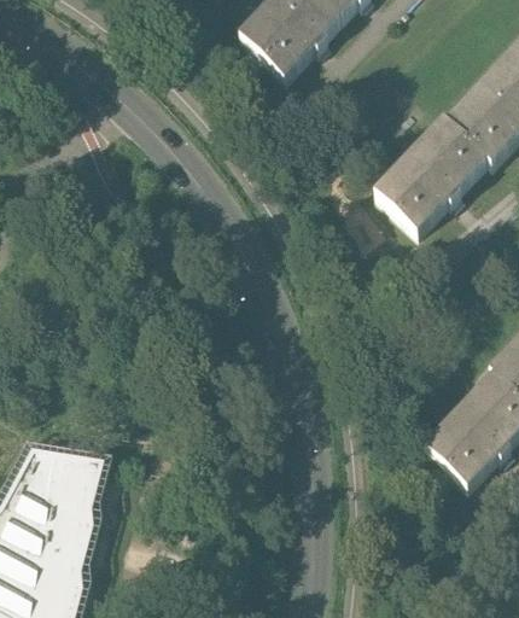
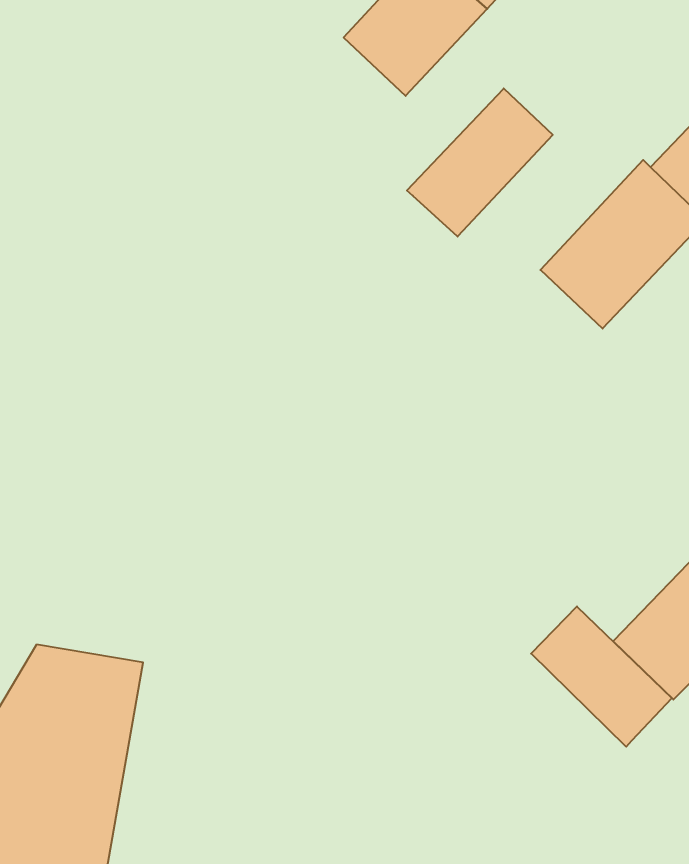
building: none -> [407,88,553,237]
building: none -> [531,606,672,747]

